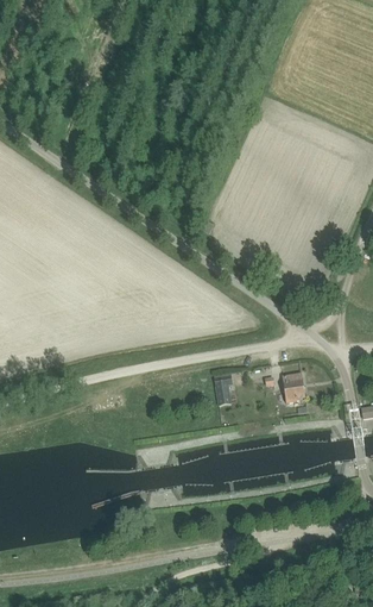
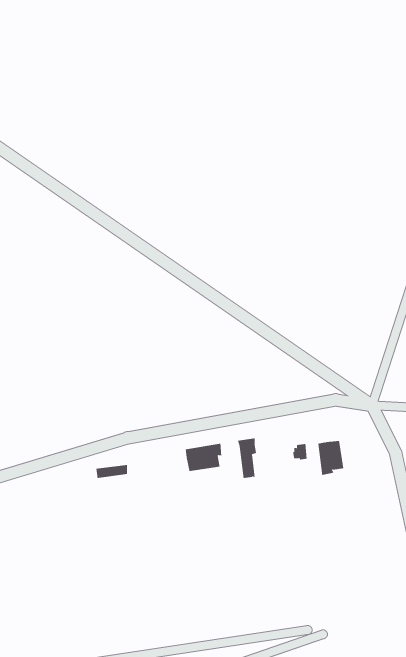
building: none -> [185,443,222,472]

